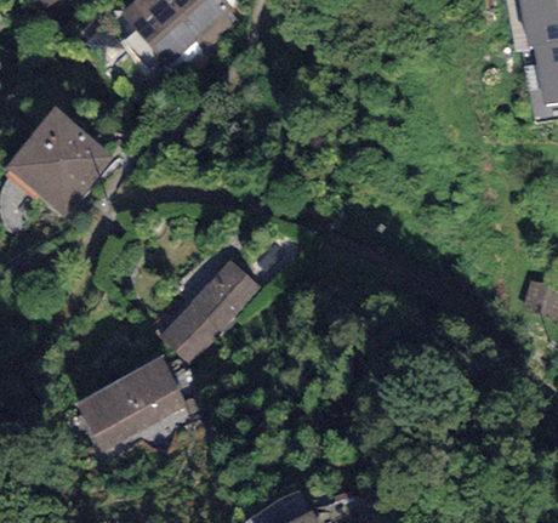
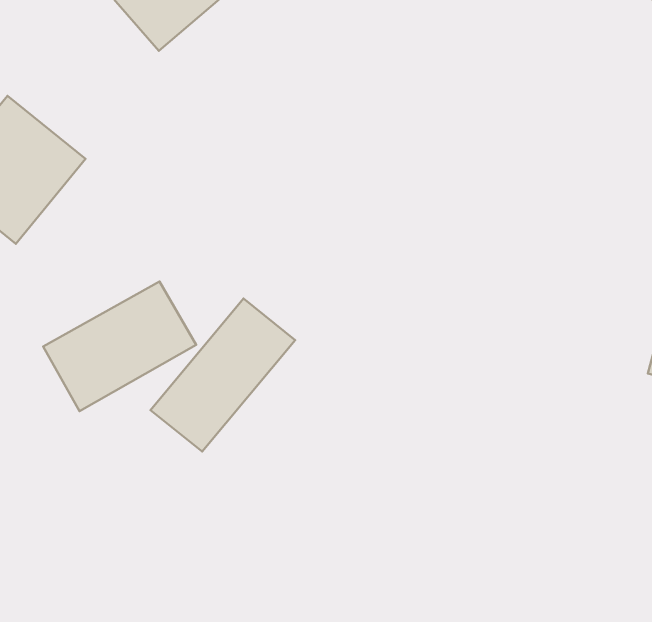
building: [75,357,187,451] -> [43,282,196,411]

